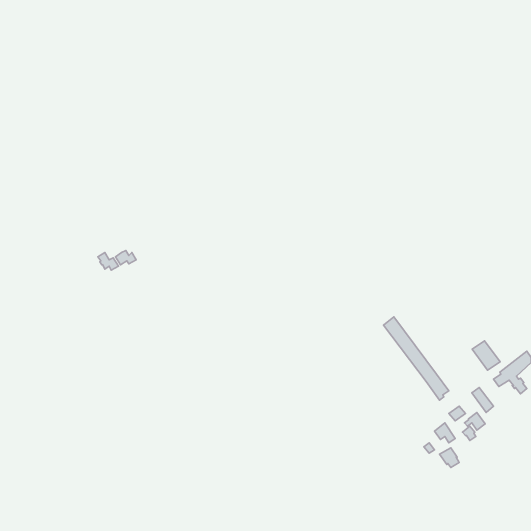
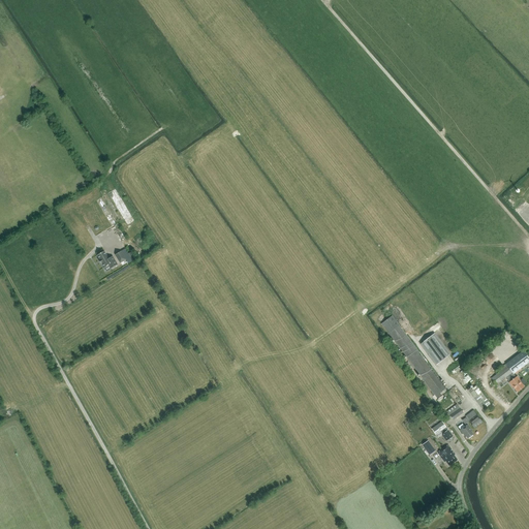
building: [472,341,500,370] -> [422,335,449,364]

